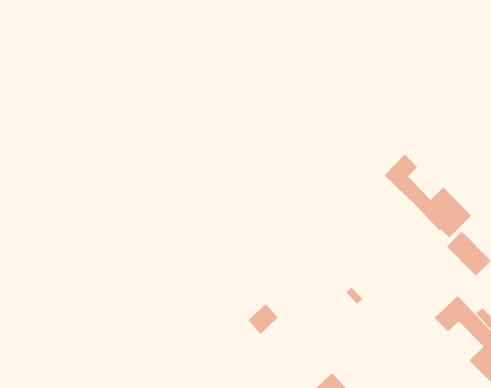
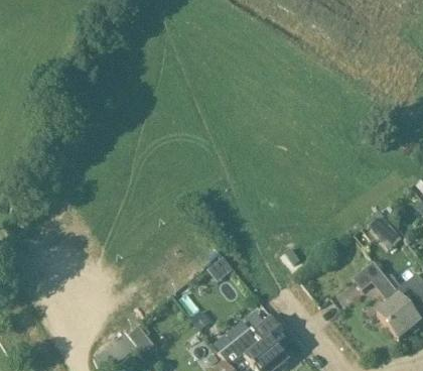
building: [384,154,472,238] -> none

